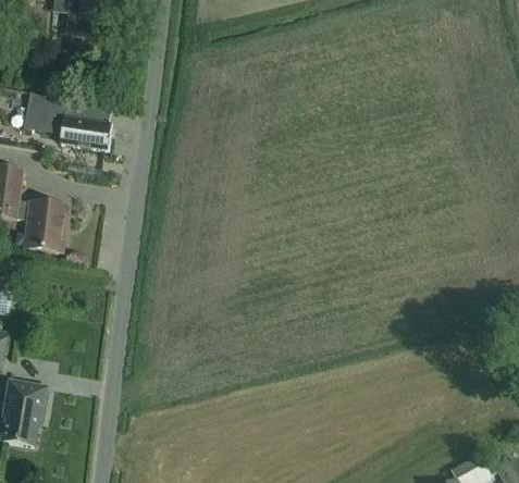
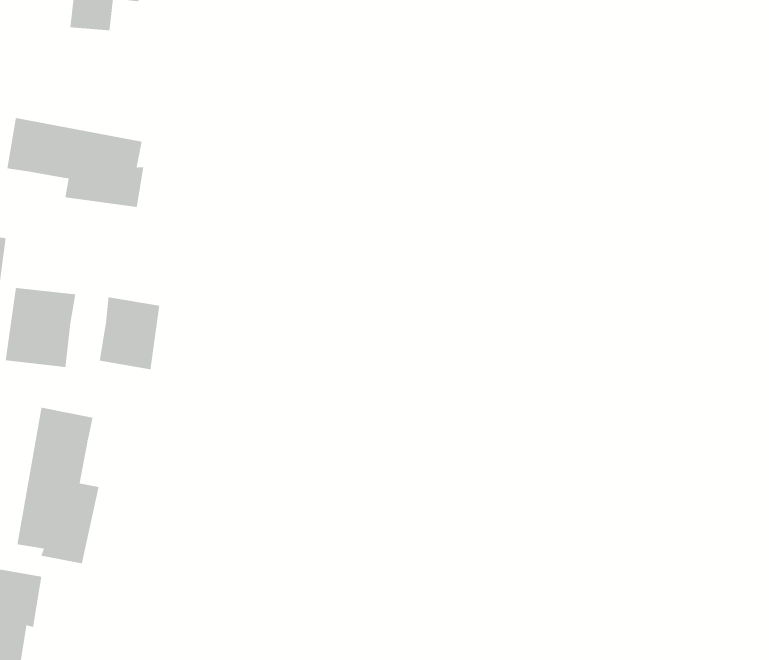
building: none -> [99,297,160,370]
building: none -> [17,407,99,564]

